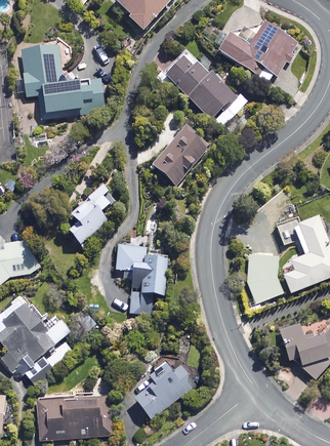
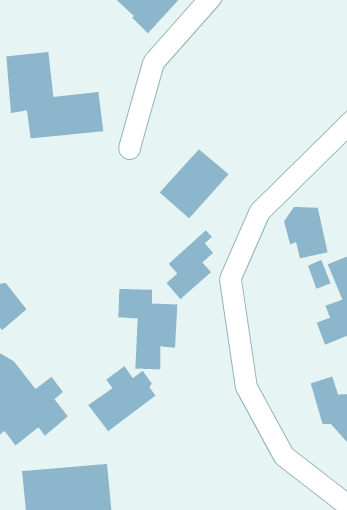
building: [218,23,297,84] -> none
building: [165,50,248,128] -> none
building: [69,184,110,243] -> [166,230,214,300]
building: [248,254,286,298] -> [283,206,328,259]
building: [133,361,192,417] -> [87,365,156,432]

